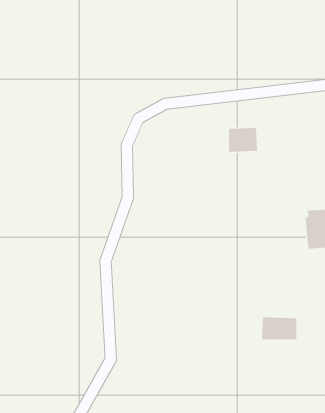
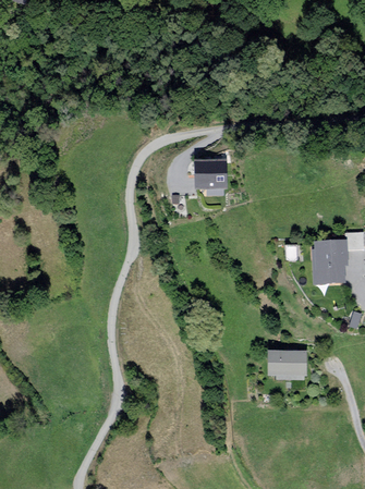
building: [228,127,258,153] -> [196,162,227,188]

